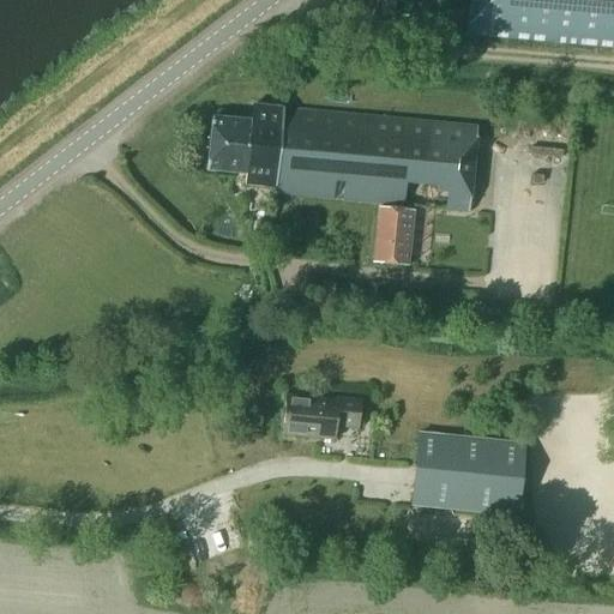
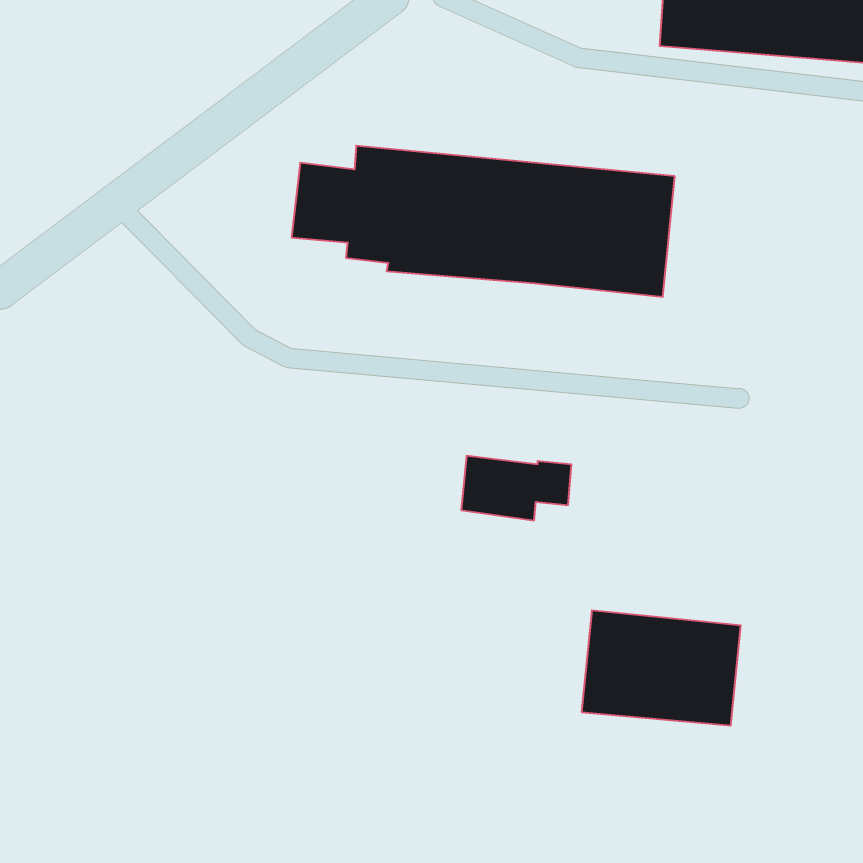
building: [374,204,414,263] -> none
building: [284,392,362,438] -> [461,456,571,520]

